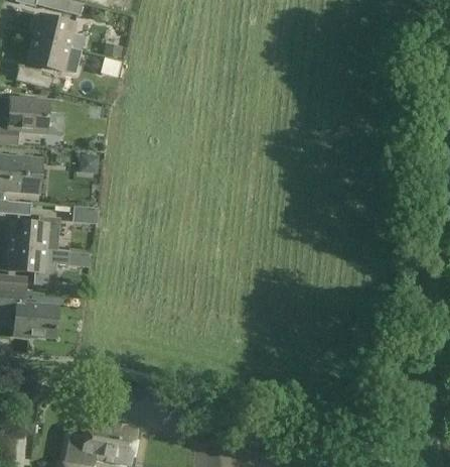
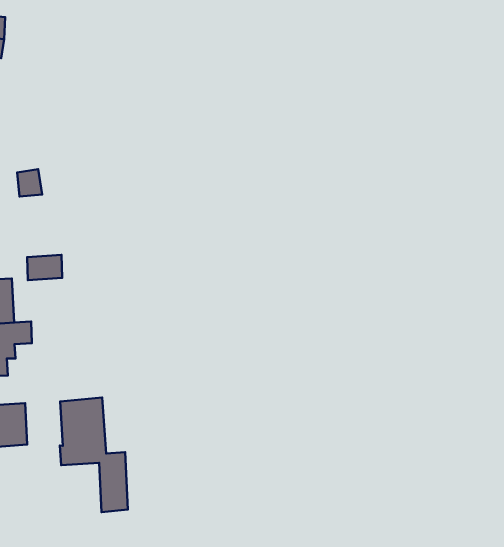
building: none -> [60,398,128,512]

